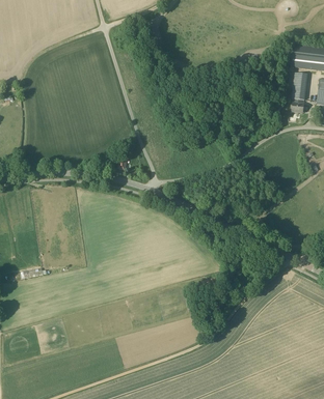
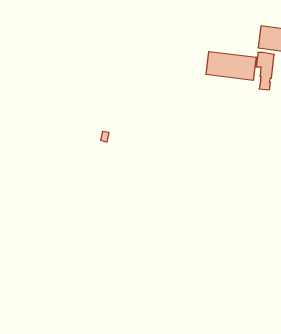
building: none -> [206,51,256,80]

